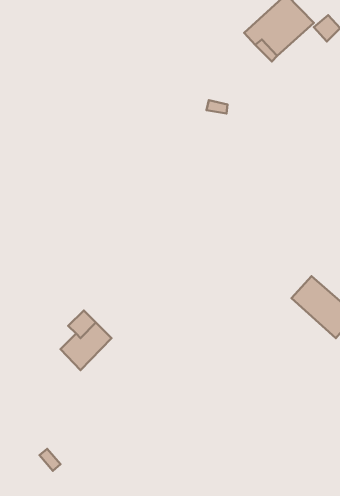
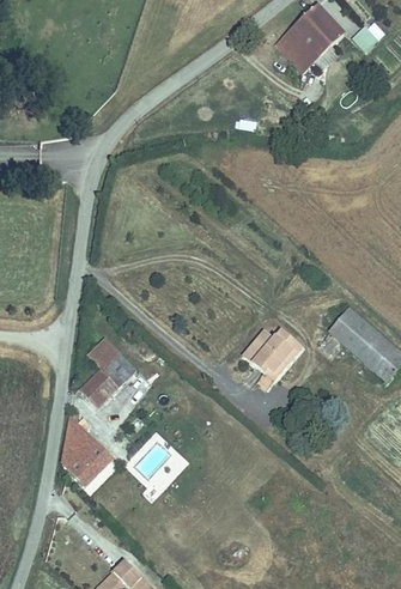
building: none -> [242,330,300,381]
building: none -> [60,409,114,485]

